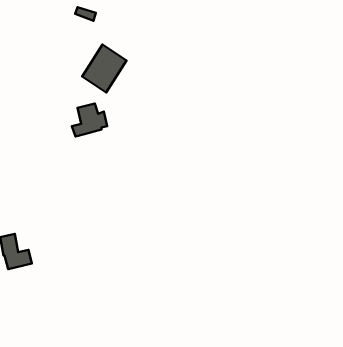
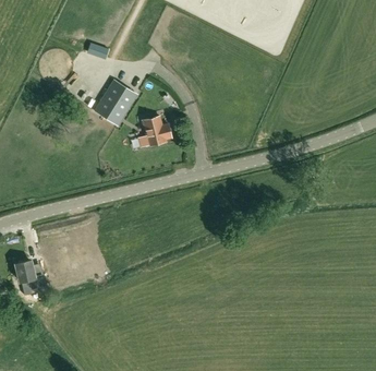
building: [72,103,107,136] -> [137,116,171,147]

